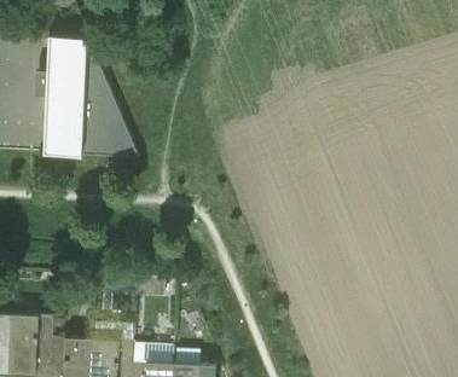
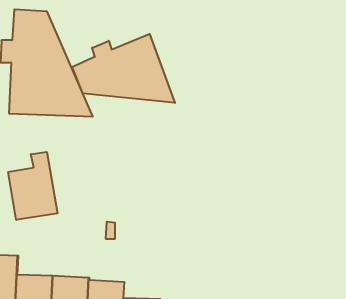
building: none -> [72,34,175,103]
building: none -> [8,152,58,220]

